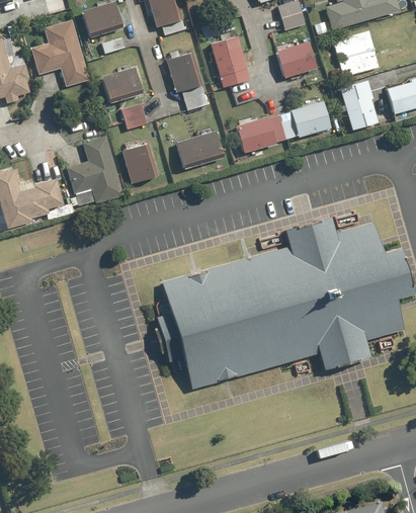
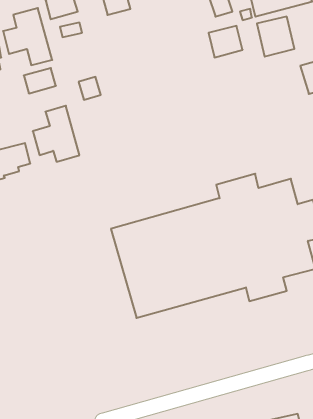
building: [210,36,250,88] -> none
building: [167,52,209,112] -> none
building: [102,67,141,97] -> [24,68,56,93]
building: [339,80,379,131] -> none
building: [236,101,331,152] -> none
building: [175,129,222,165] -> none
building: [122,142,159,184] -> none

